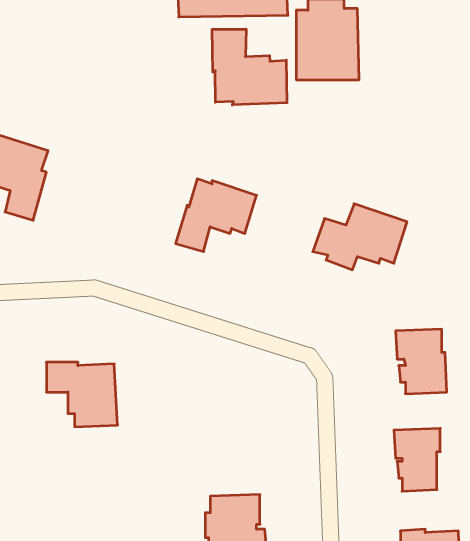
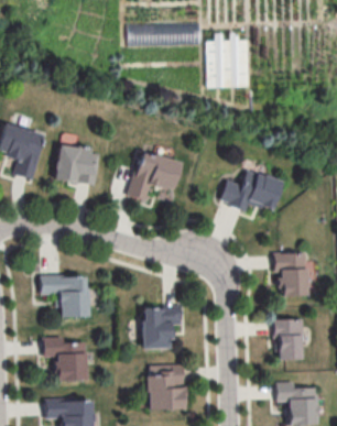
building: [212,29,287,105] -> none
building: none -> [54,145,99,186]
building: none -> [141,305,182,349]
building: none -> [41,338,88,381]

